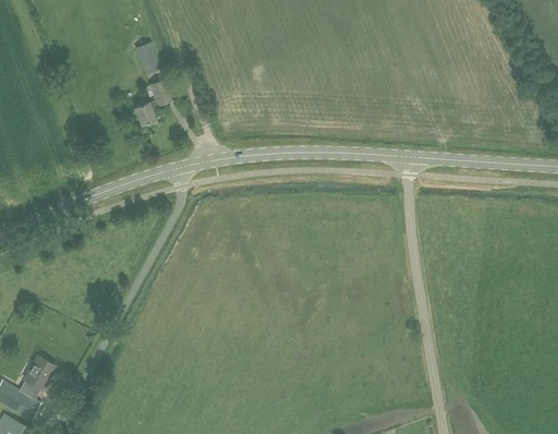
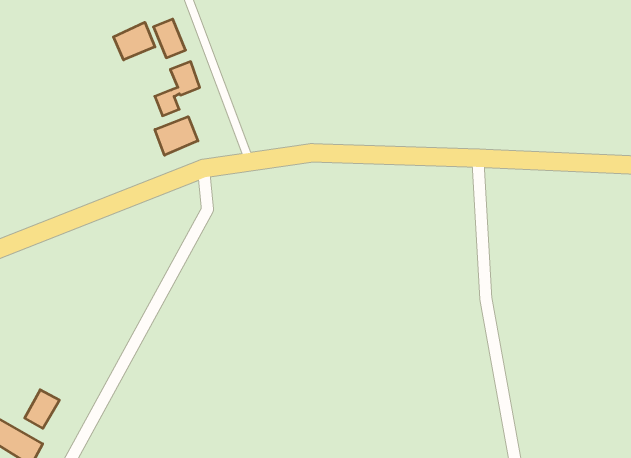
building: none -> [113,22,155,60]
building: none -> [155,117,198,155]

